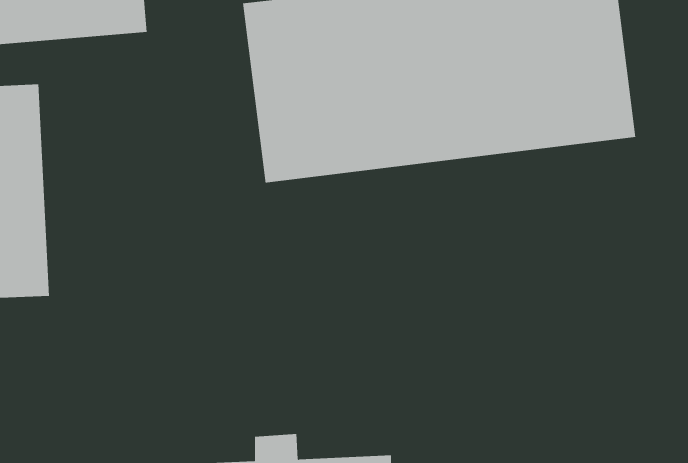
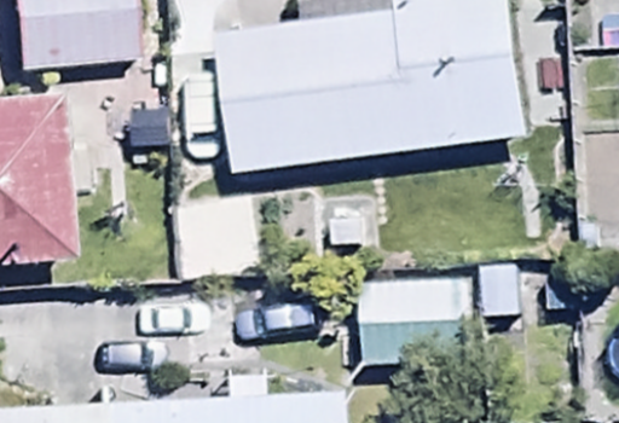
building: none -> [360,272,462,366]

